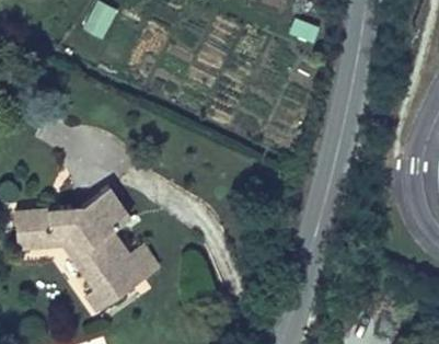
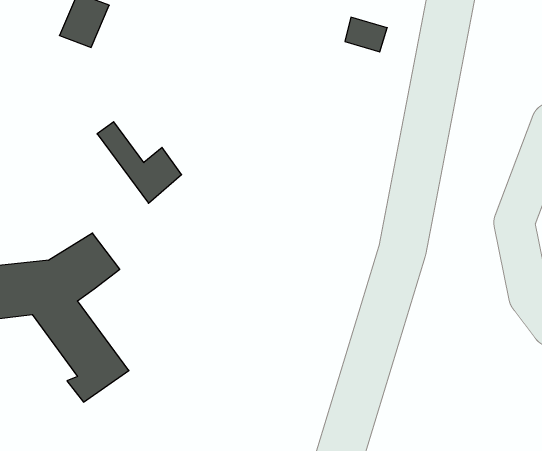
building: [95,225,157,284] -> [97,122,182,203]

